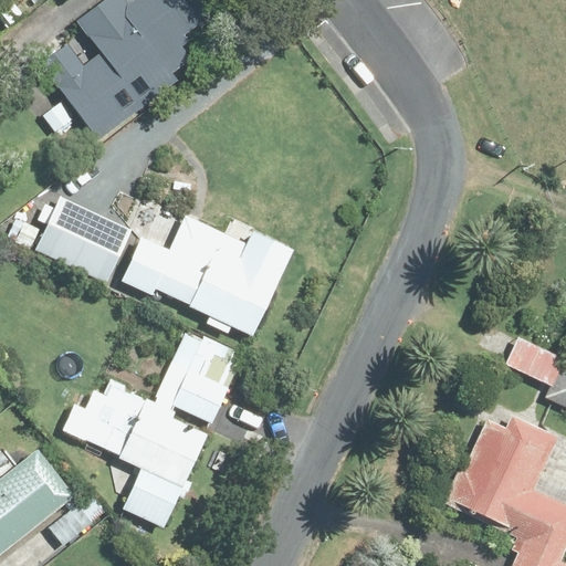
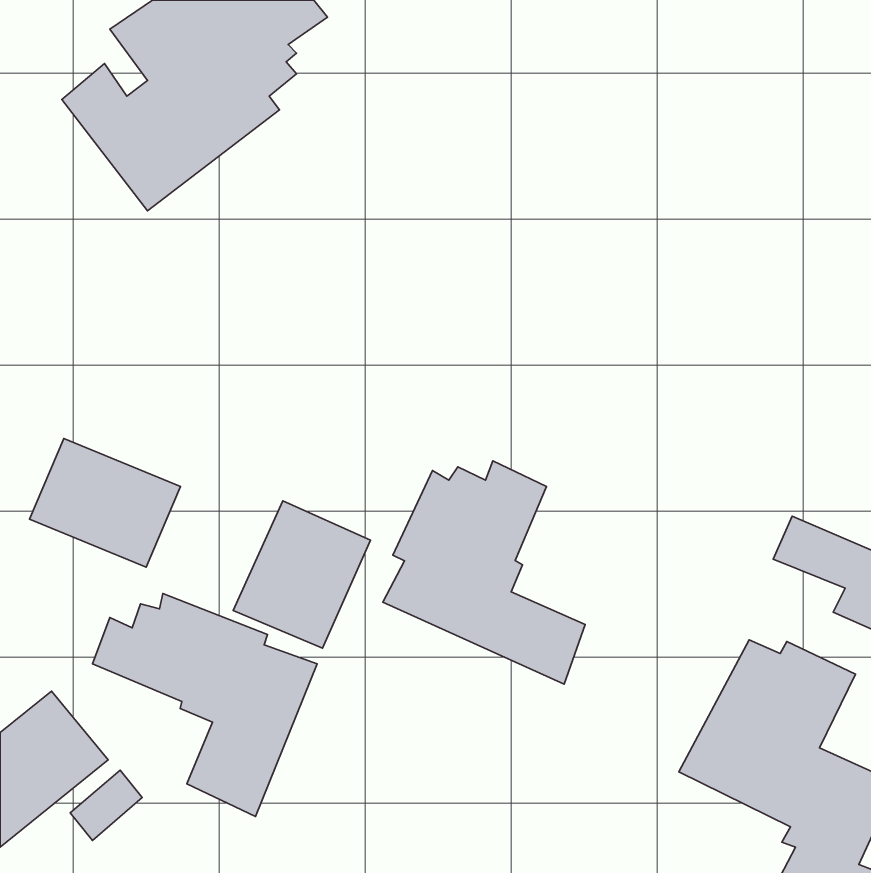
building: [36,196,134,279] -> [30,439,181,567]
building: [120,218,300,338] -> none
building: none -> [383,461,585,684]

